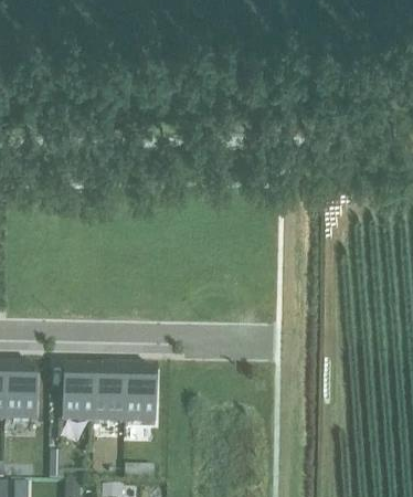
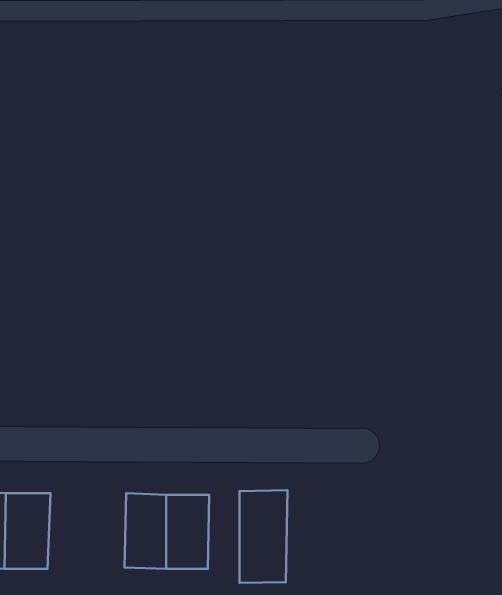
building: none -> [240,490,287,583]
building: [62,369,95,425] -> none

